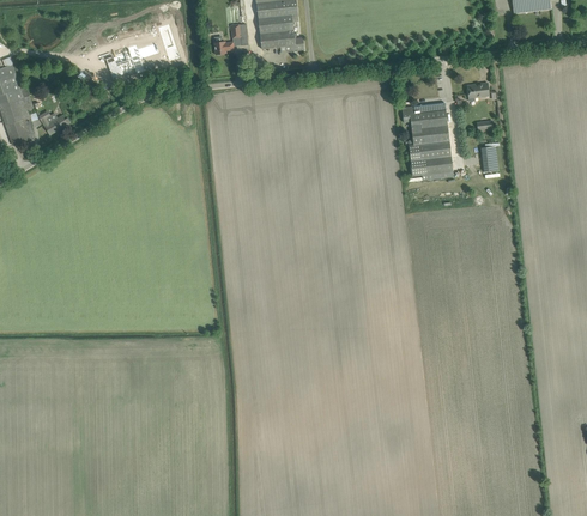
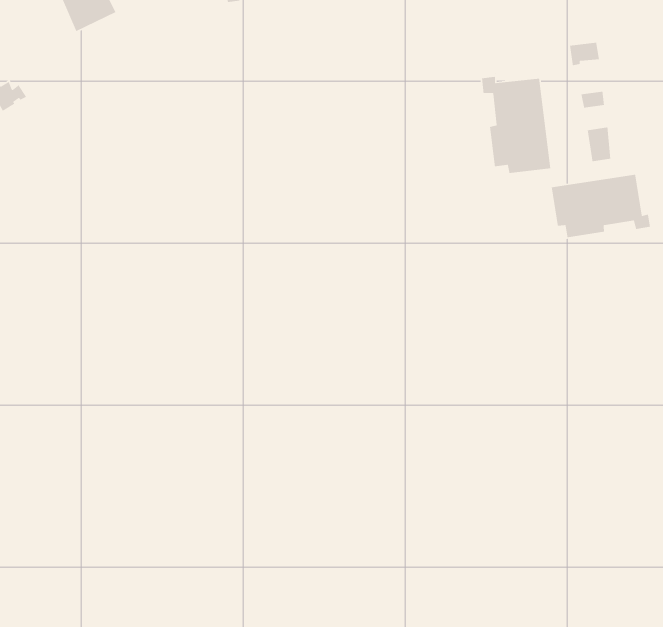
building: none -> [551,174,652,238]

